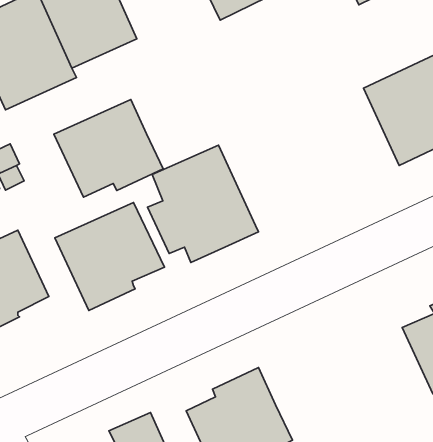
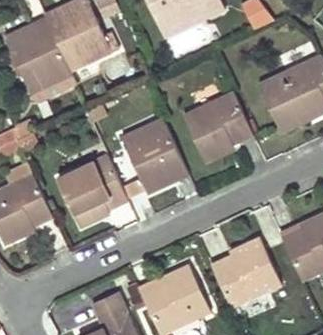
building: [54,100,163,197] -> none
building: none -> [182,90,253,162]
building: none -> [212,235,281,306]

